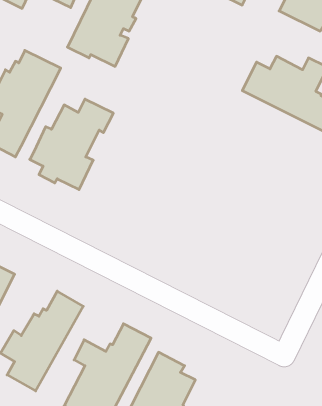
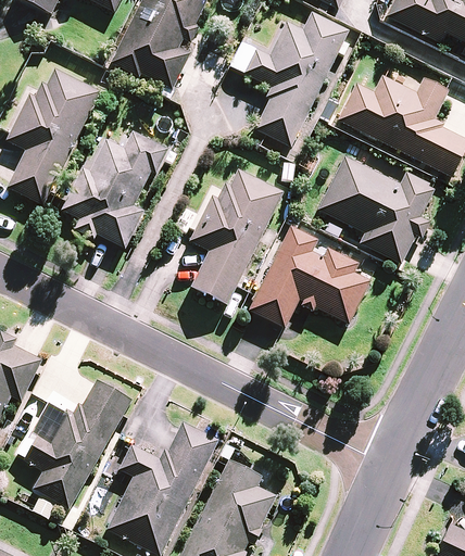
building: none -> [243,11,349,147]
building: none -> [316,155,435,264]
building: none -> [189,168,284,303]
building: none -> [249,225,369,327]

